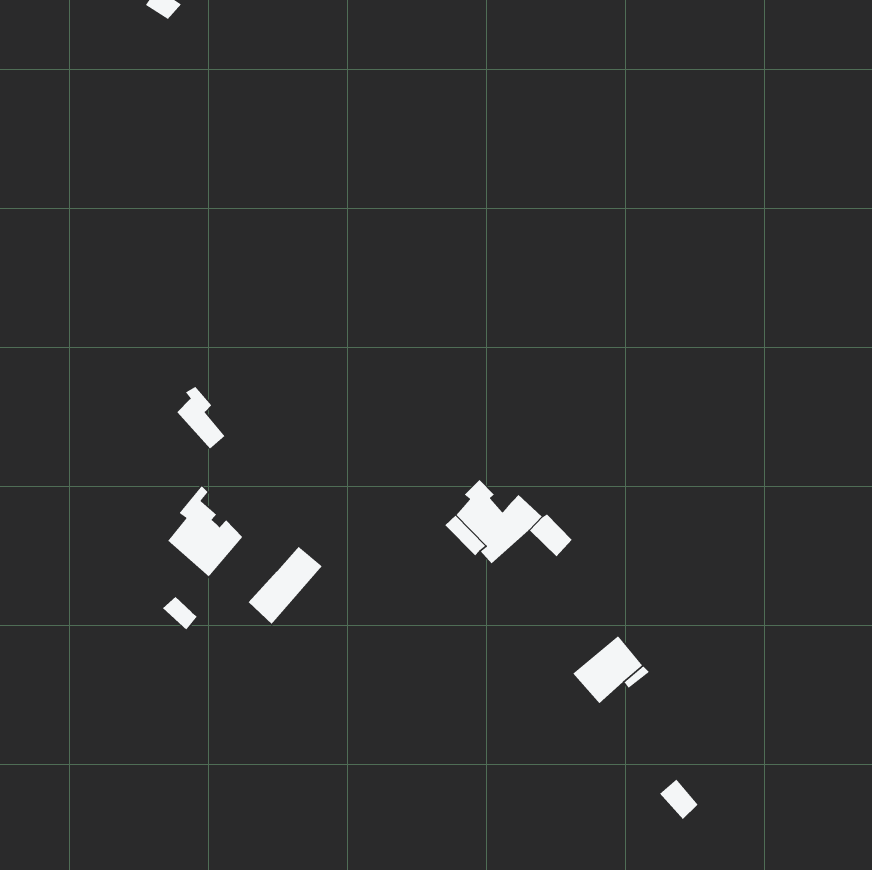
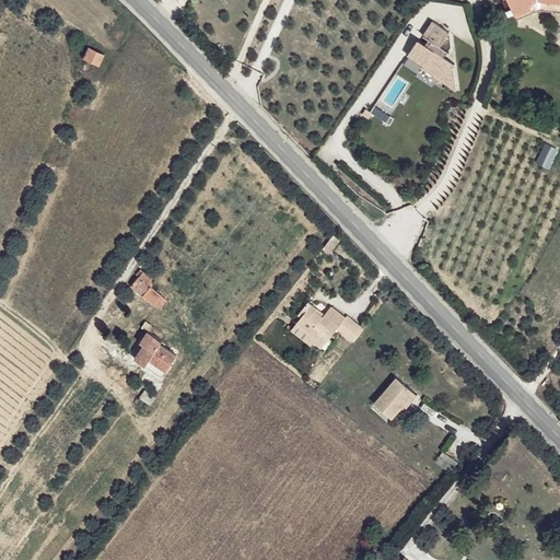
building: none -> [404,21,459,92]
building: [248,546,323,625] -> none

